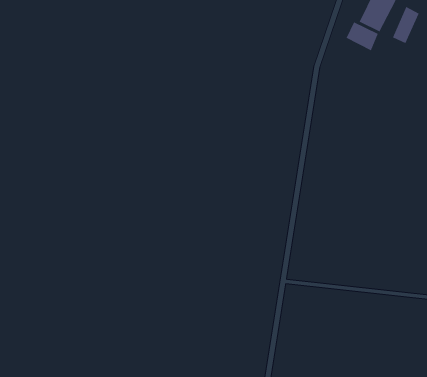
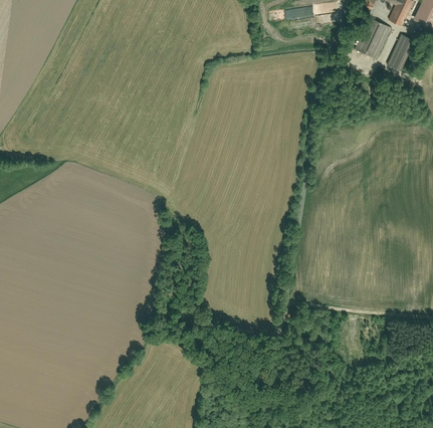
building: [346,22,379,51] -> none

